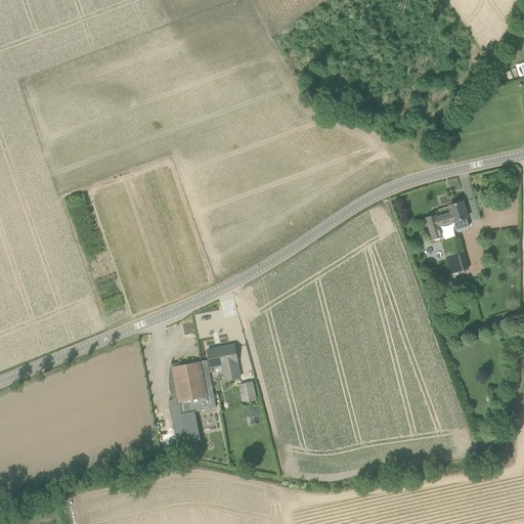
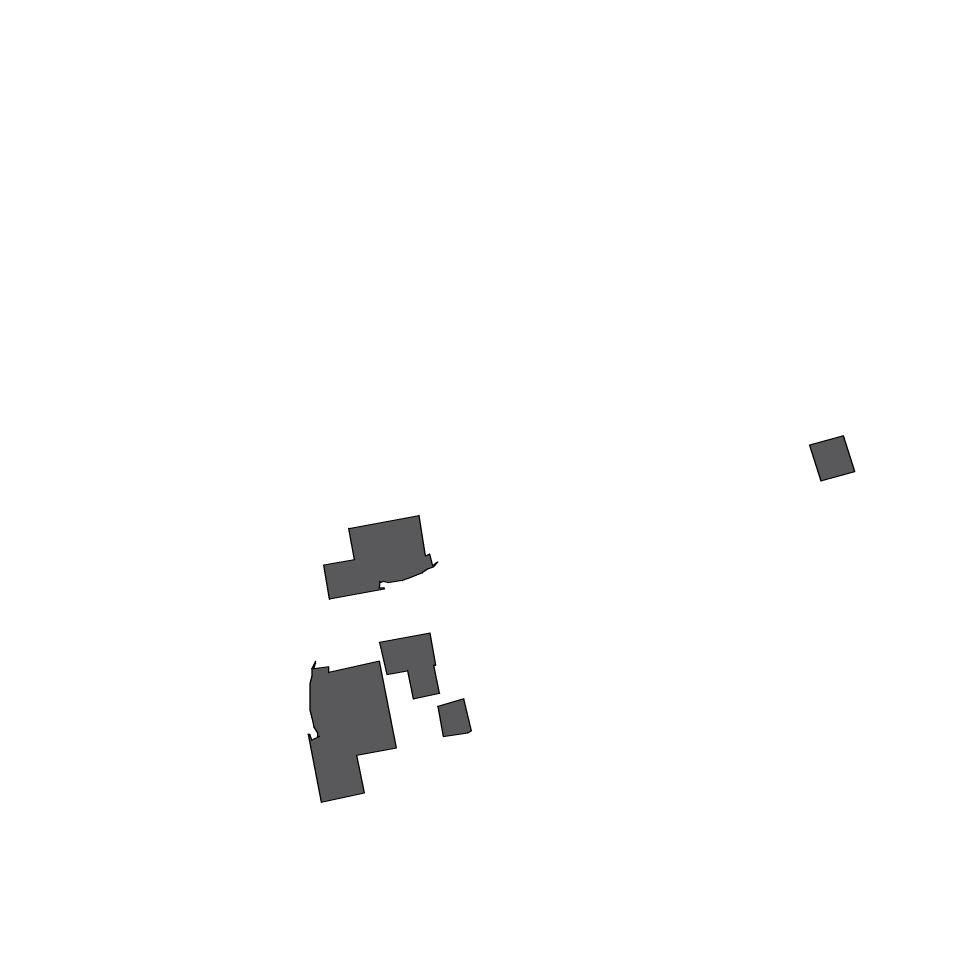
building: [427,202,468,241] -> none
building: none -> [324,515,438,599]

